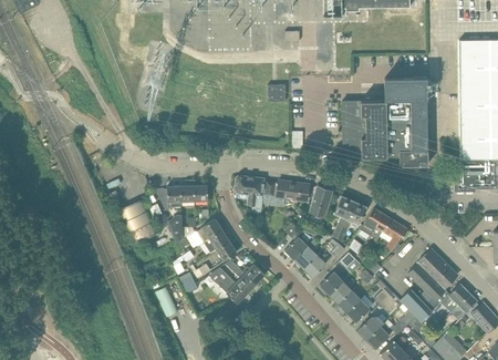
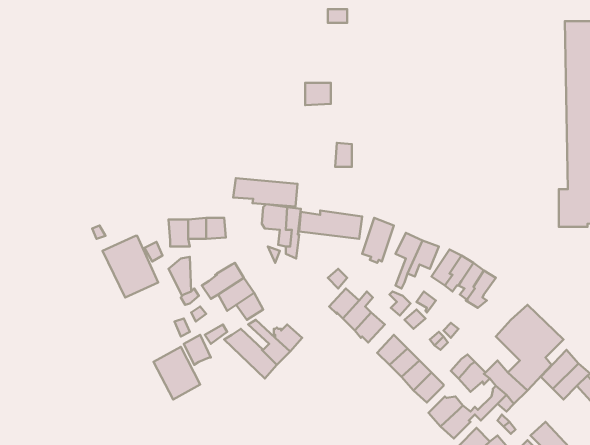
building: [342,78,427,166] -> none
building: none -> [233,178,297,206]

